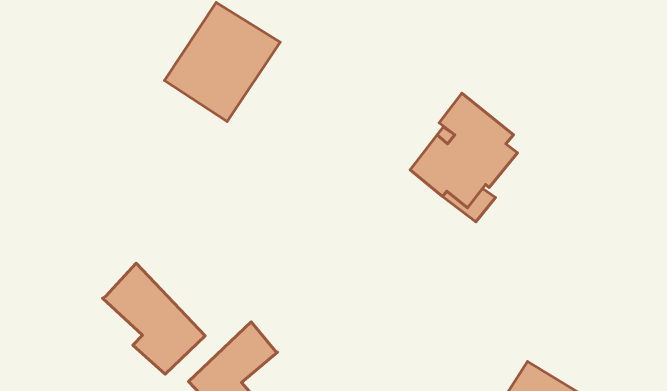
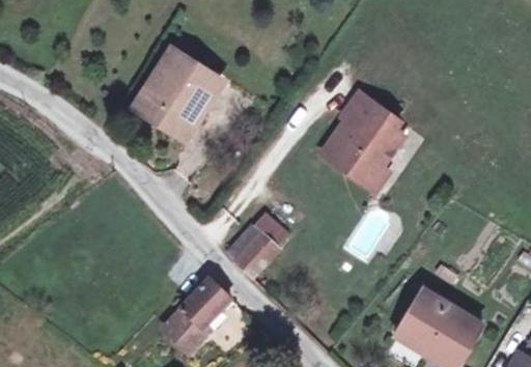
building: none -> [227,214,289,280]
building: [102,263,205,374] -> none

